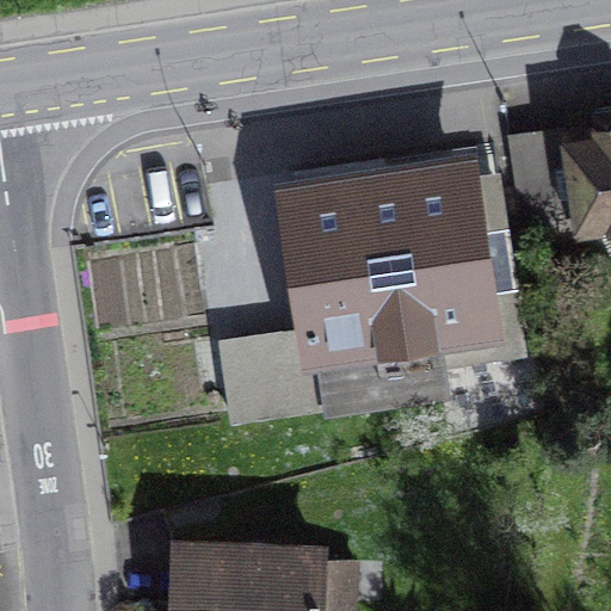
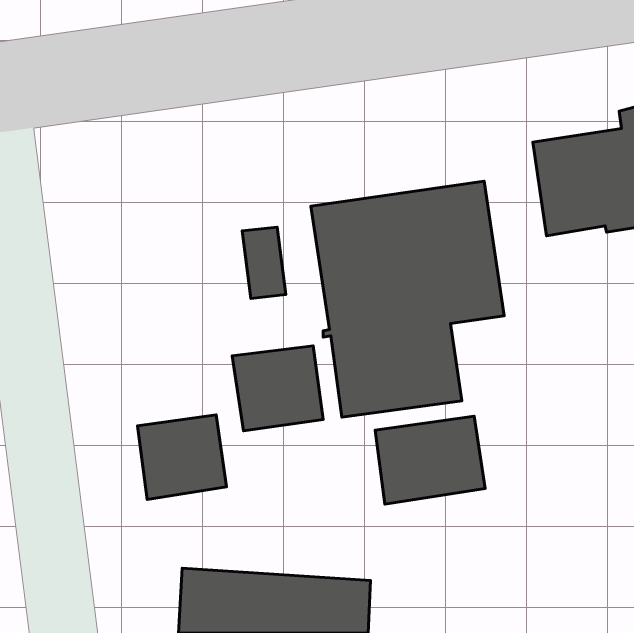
building: none -> [138,415,227,500]
building: none -> [375,416,485,504]

